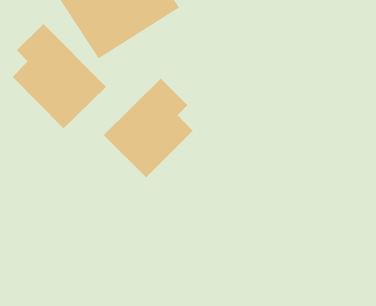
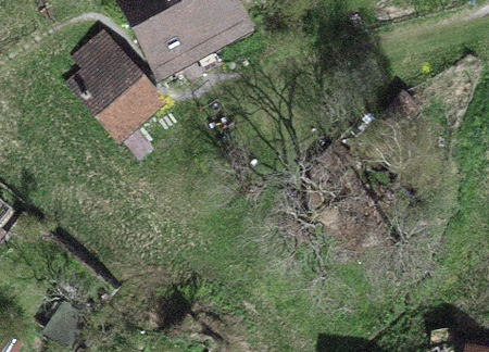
building: [103,78,194,178] -> none

